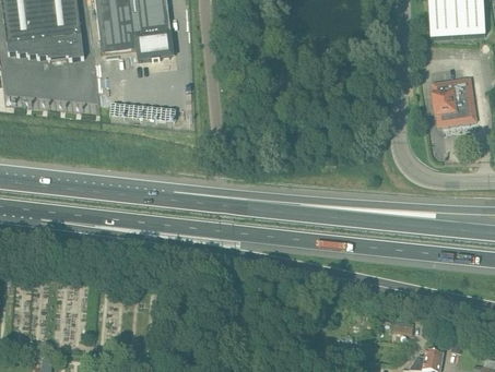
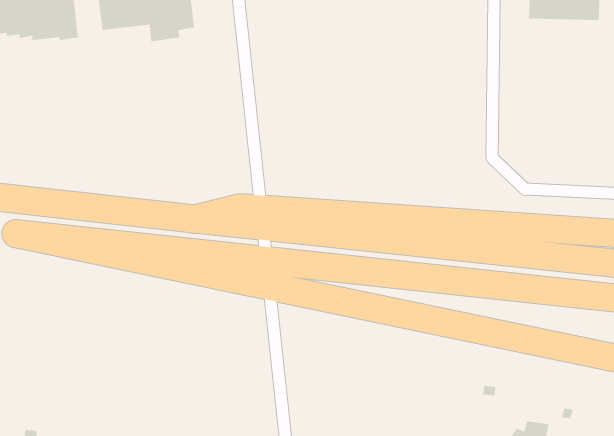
building: [432,76,476,125] -> none

